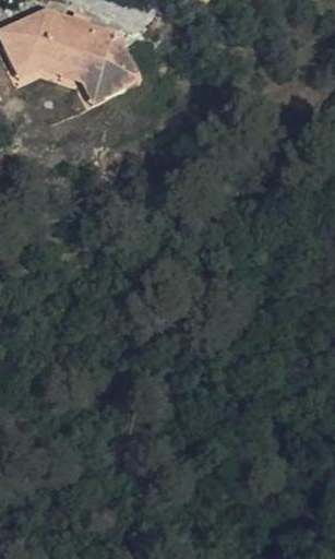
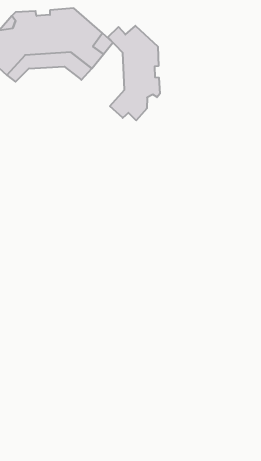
building: none -> [108,26,160,120]

